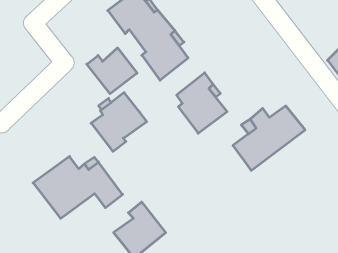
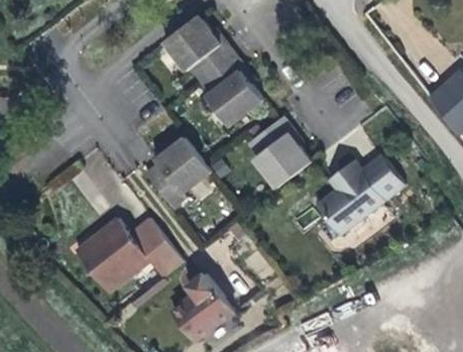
building: [87,48,137,94] -> none

